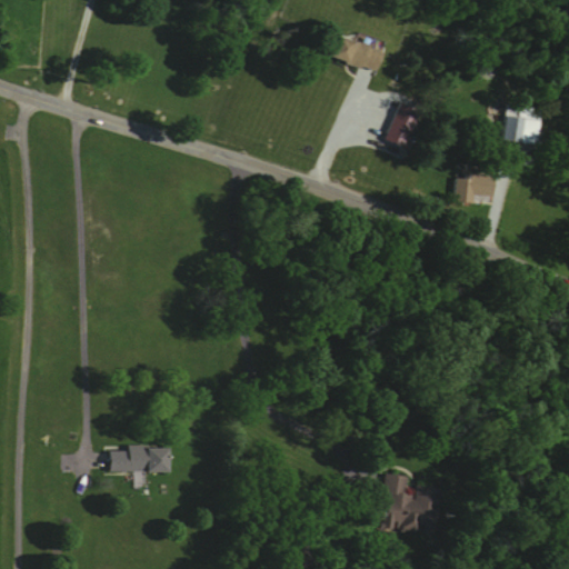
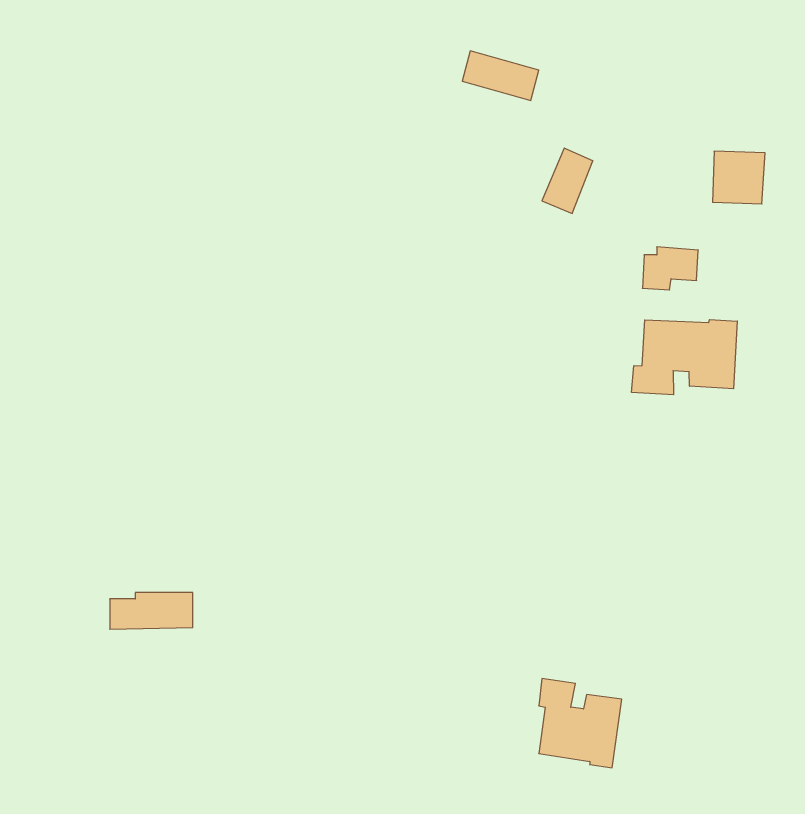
building: none -> [632,320,737,395]
building: [109,447,167,472] -> [110,593,193,629]

